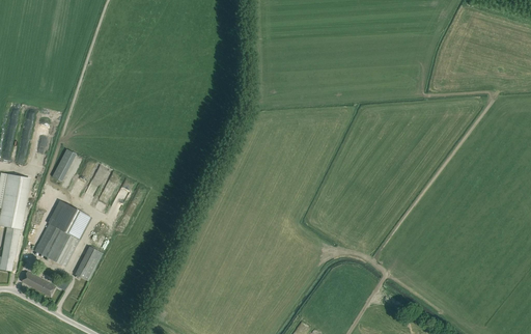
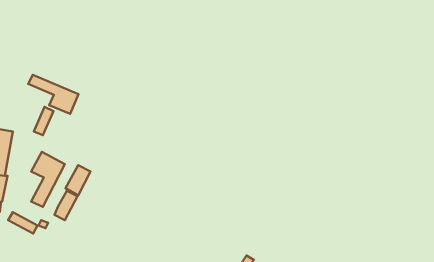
building: none -> [28,75,78,114]
building: [33,223,62,258] -> [66,165,90,195]

